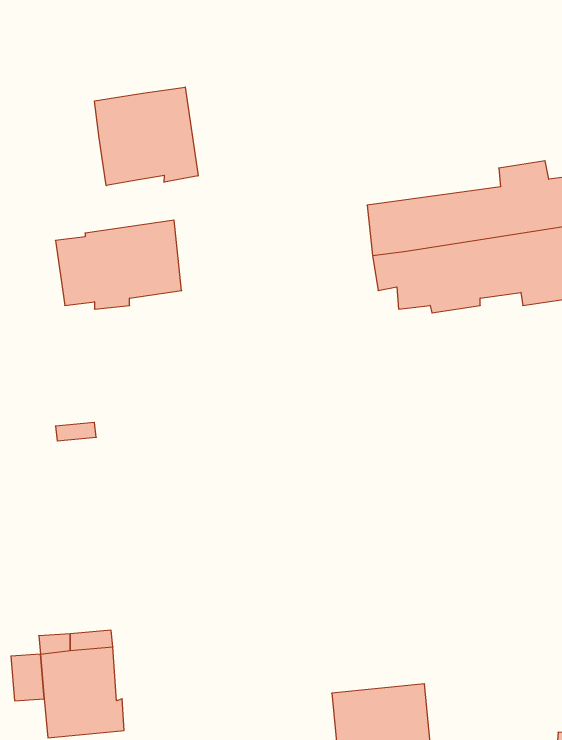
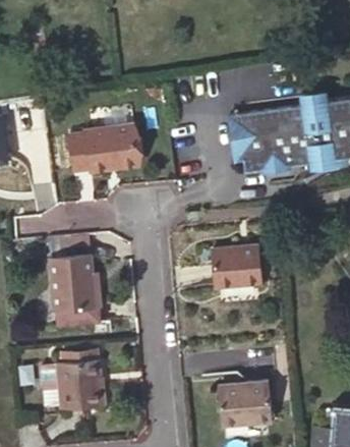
building: [95,87,198,186] -> none
building: none -> [211,235,259,277]
building: none -> [49,256,102,327]

